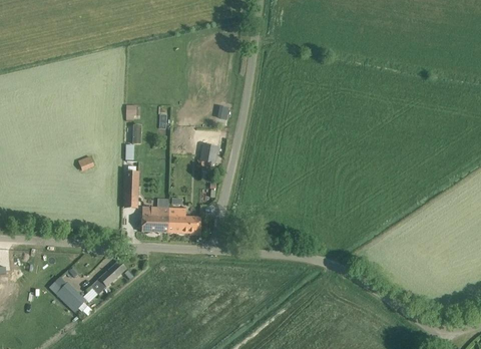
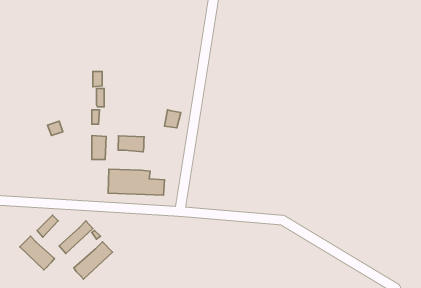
building: none -> [118,136,144,152]
building: none -> [74,242,112,279]

